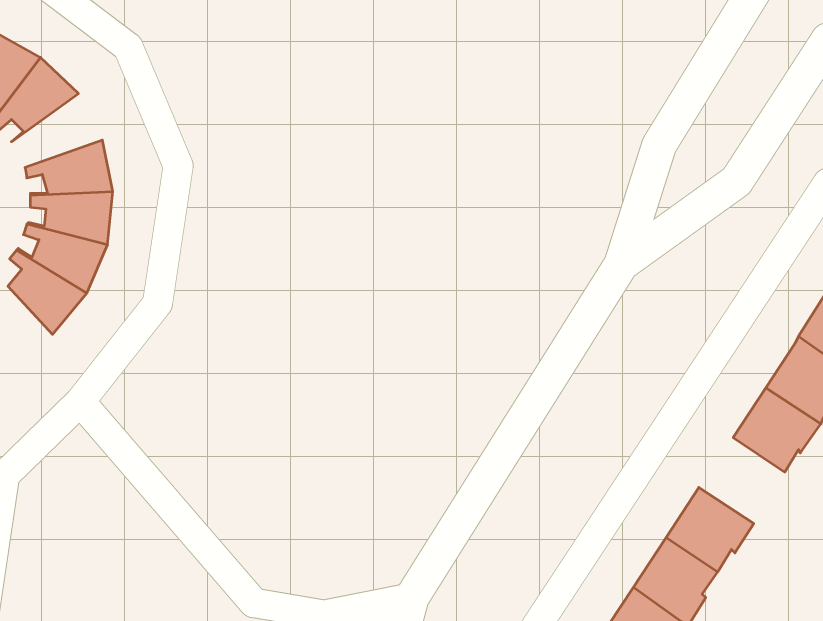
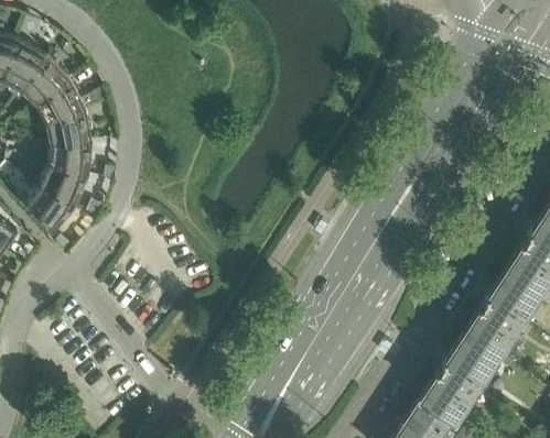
building: none -> [26,80,85,128]
building: none -> [467,300,522,355]

